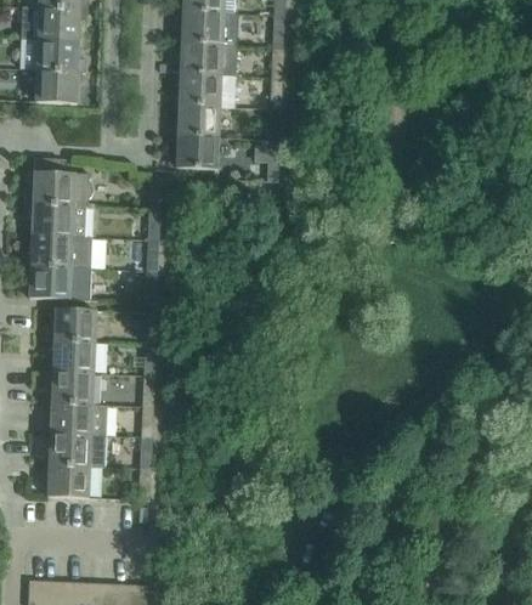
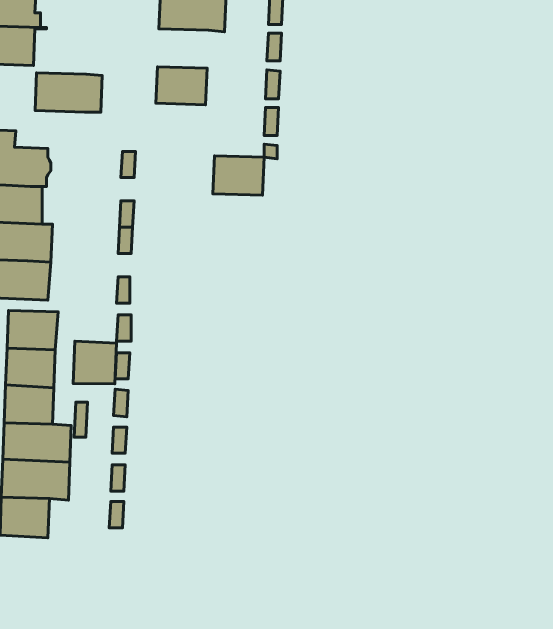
building: [180,74,236,107] -> [35,73,102,112]
building: [177,136,220,169] -> [213,156,264,195]
building: none -> [73,341,116,384]

